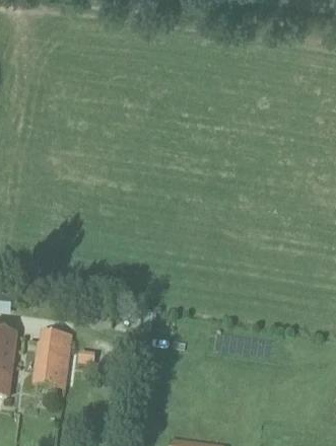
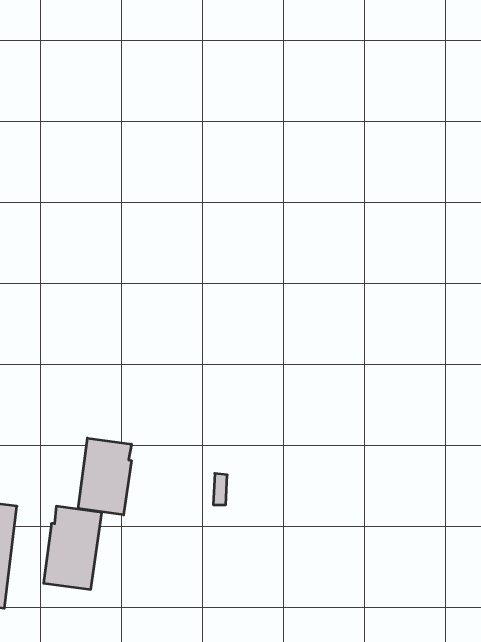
building: none -> [78,438,131,515]

